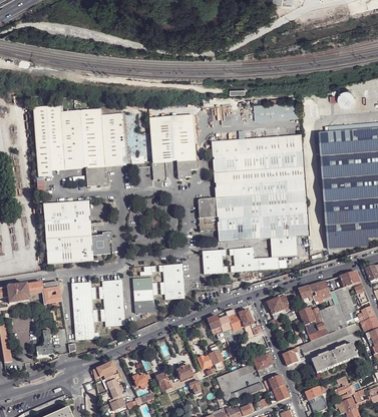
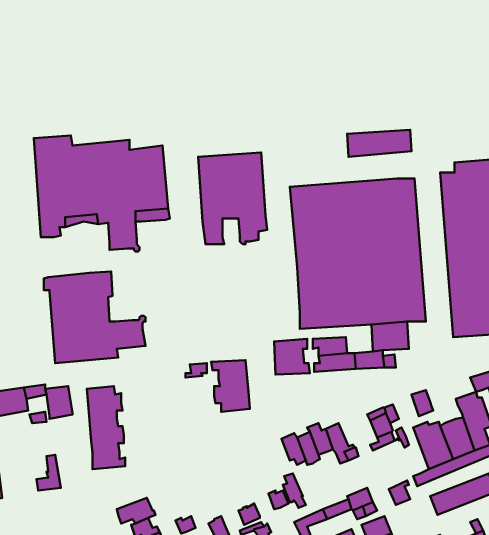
building: [200,198,221,232] -> none
building: [132,277,158,313] -> none
building: [98,280,126,327] -> none
building: [309,280,335,305] -> none

